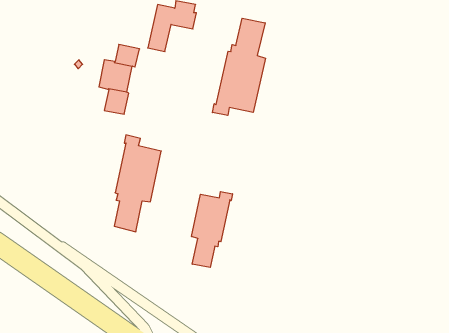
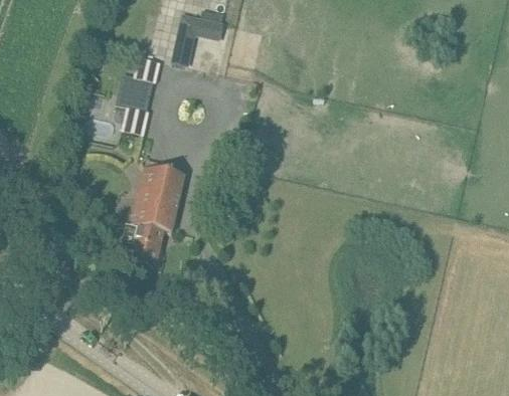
building: [212,18,265,115] -> none
building: [192,192,232,267] -> none

